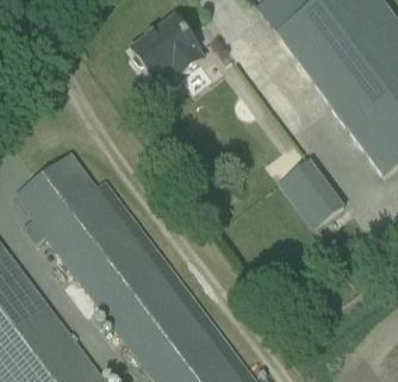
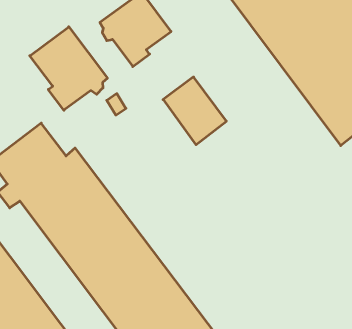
building: none -> [30,27,107,110]
building: [278,159,344,231] -> [163,77,226,145]

